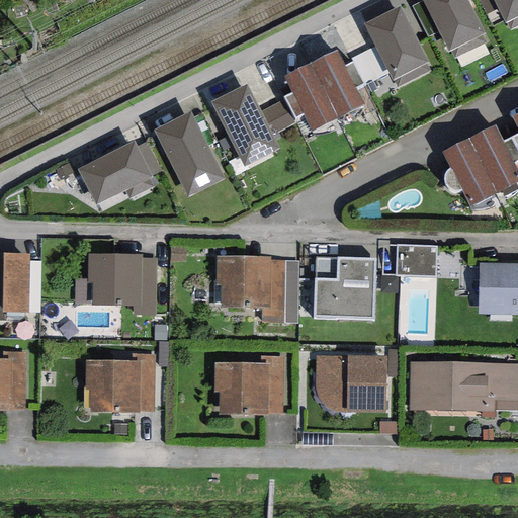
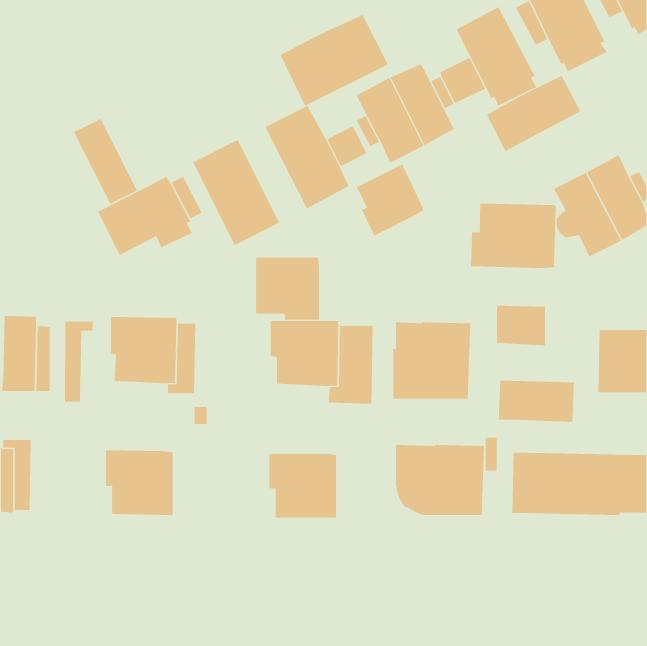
building: none -> [280,14,388,107]
building: none -> [486,75,581,152]
building: none -> [73,118,138,204]
building: none -> [356,164,424,237]
building: none -> [470,203,556,269]
building: none -> [256,257,320,320]
building: none -> [64,321,93,403]
building: none -> [498,380,574,422]
building: [131,353,153,411] -> none
building: [261,355,283,413] -> none

